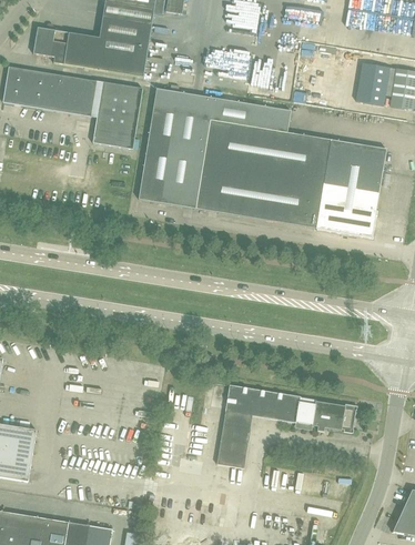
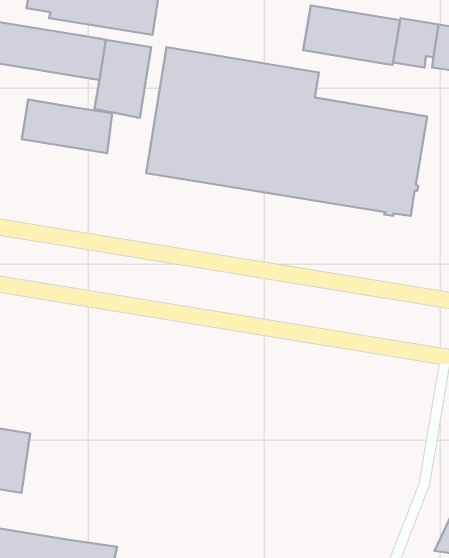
building: none -> [303,5,400,65]
building: none -> [22,100,112,153]
building: [215,384,356,467] -> none

